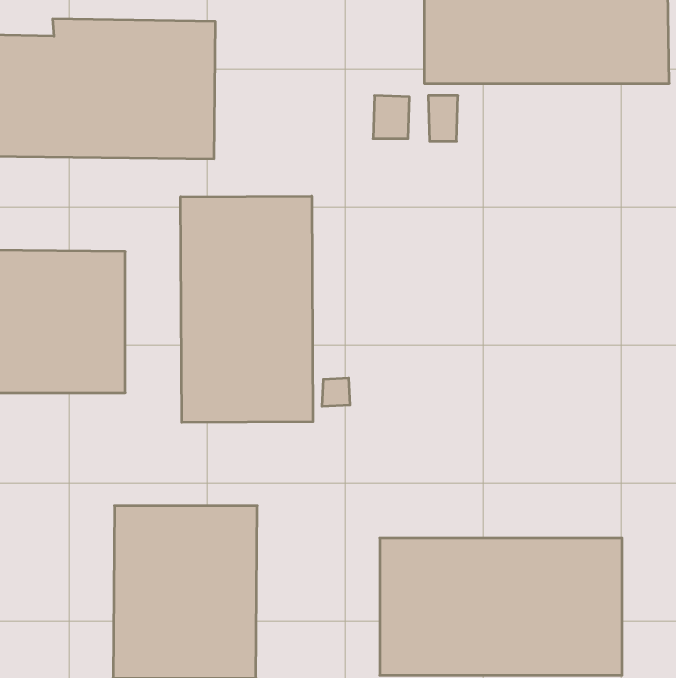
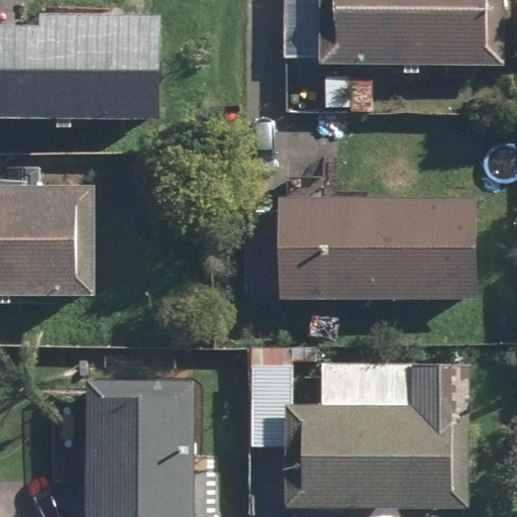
building: [181,196,313,422] -> none
building: none -> [275,198,475,298]

